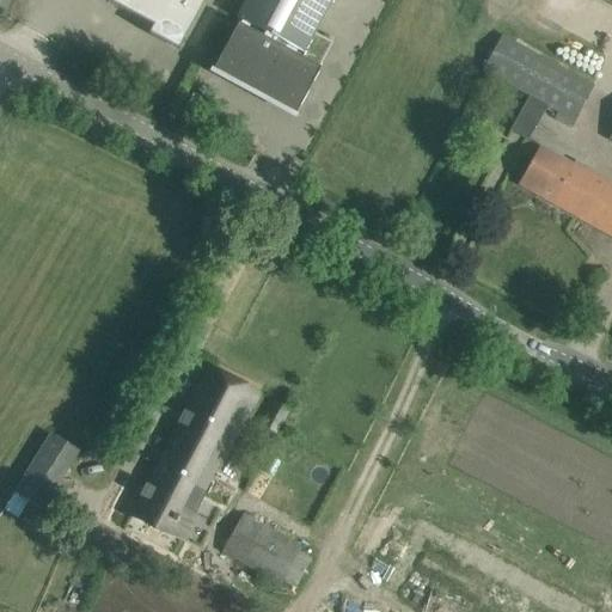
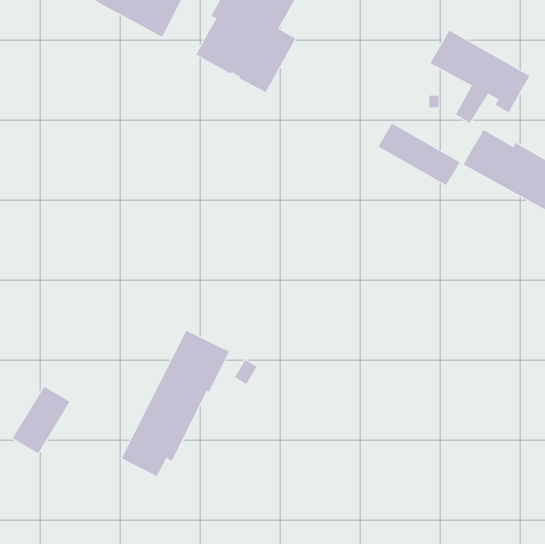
building: none -> [378,123,460,186]
building: [222,512,301,585] -> none

